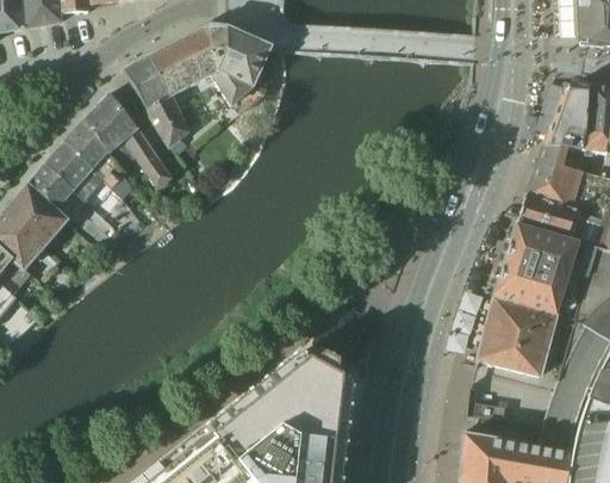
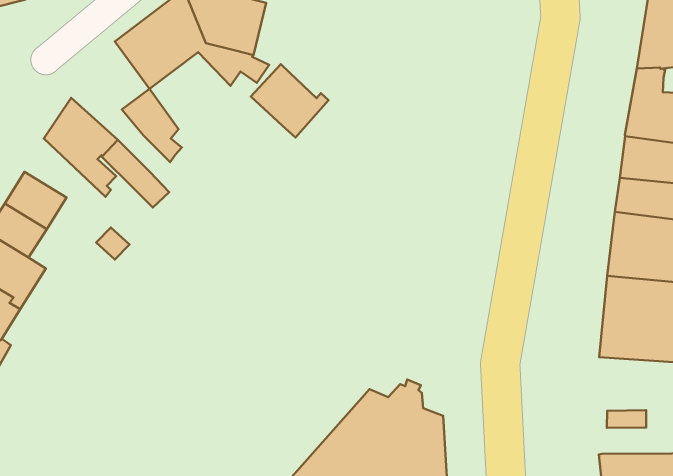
building: [125,56,172,109] -> none
building: none -> [251,64,328,138]
building: [66,120,126,187] -> none

